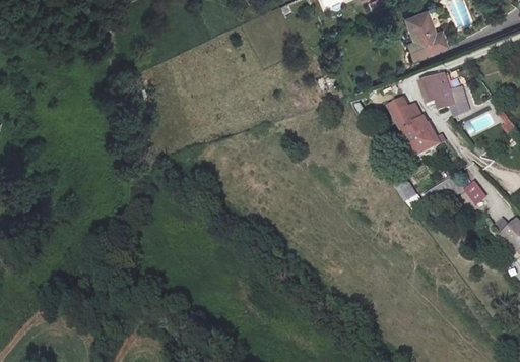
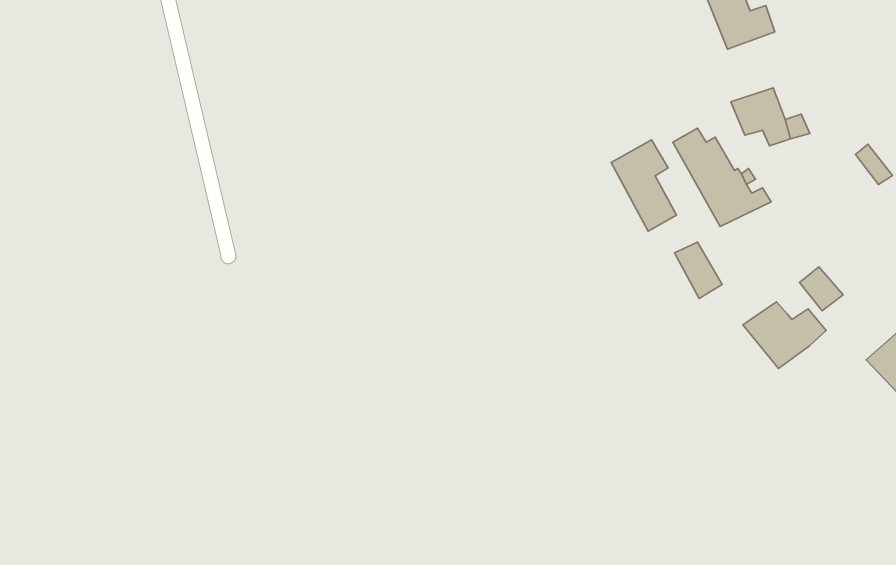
building: none -> [611,140,676,231]
building: none -> [743,302,826,368]

